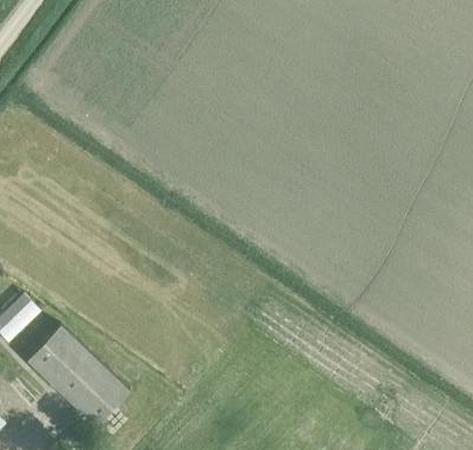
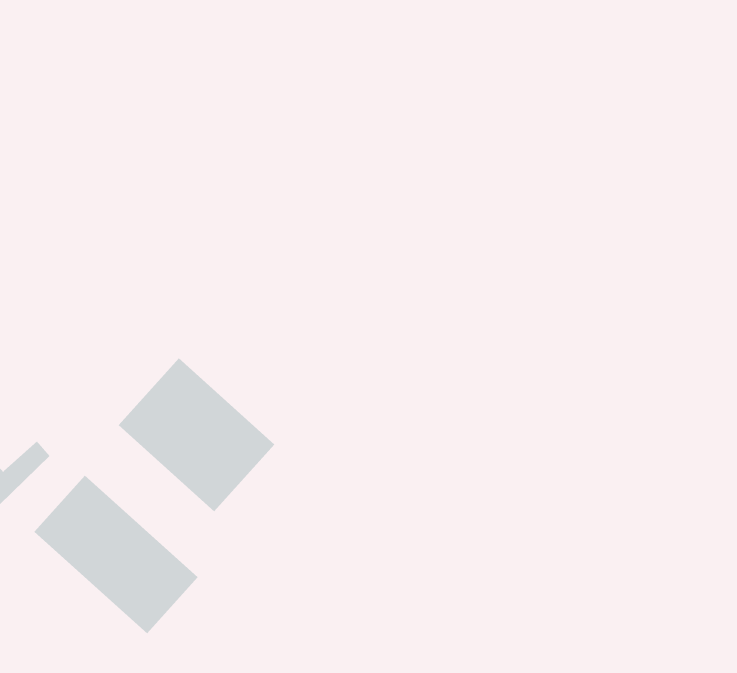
building: none -> [118,358,275,512]

